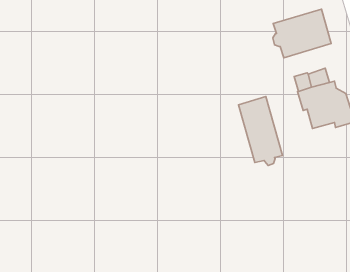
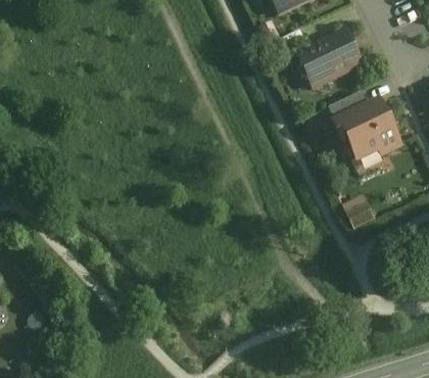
building: [239,97,283,165] -> none

